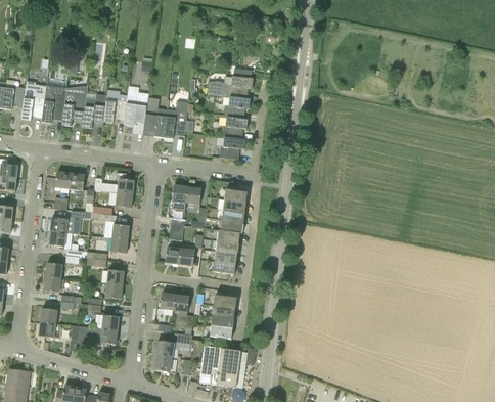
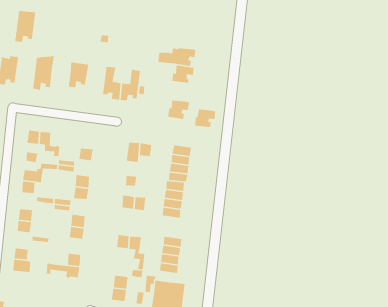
building: [41,85,66,123] -> [14,10,36,43]
building: [124,92,148,125] -> none
building: [82,98,105,128] -> none
building: [222,116,248,138] -> [194,108,216,128]
building: [94,172,134,193] -> none

